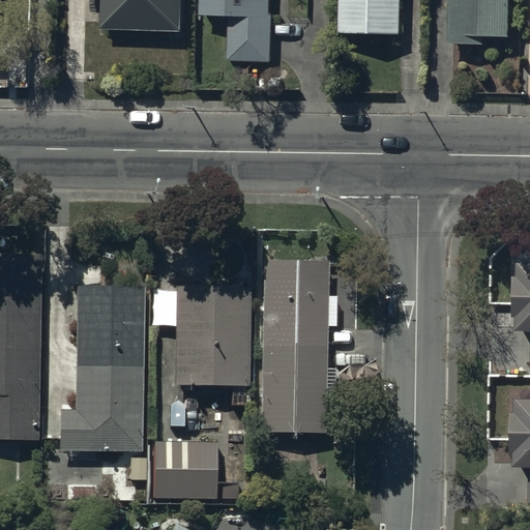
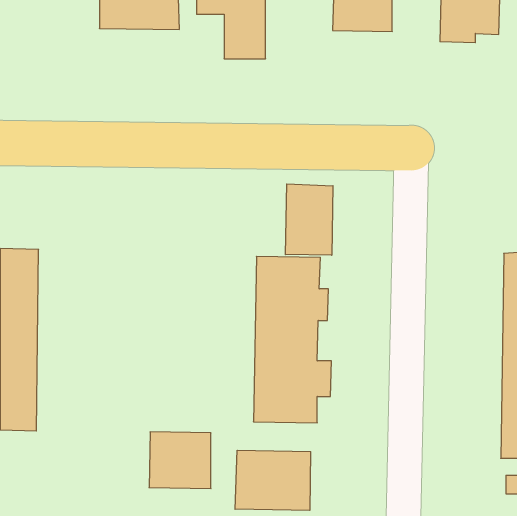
building: none -> [285,184,333,255]
building: [59,286,143,450] -> none
building: [174,287,249,385] -> none
building: none -> [235,450,311,510]

